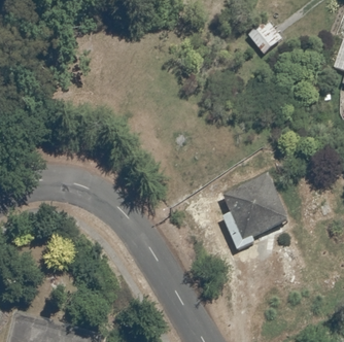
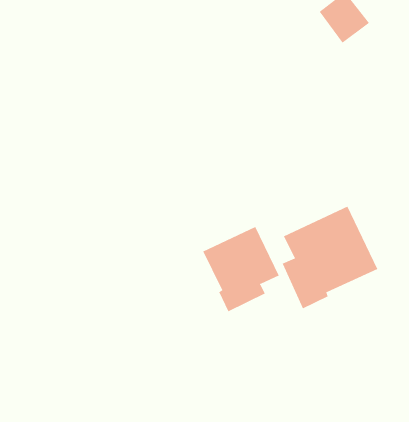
building: none -> [203,226,279,312]

